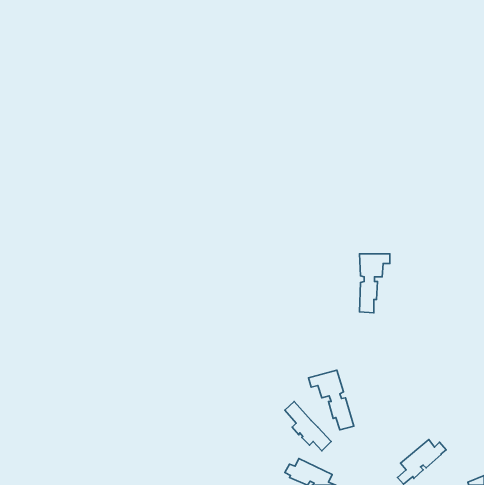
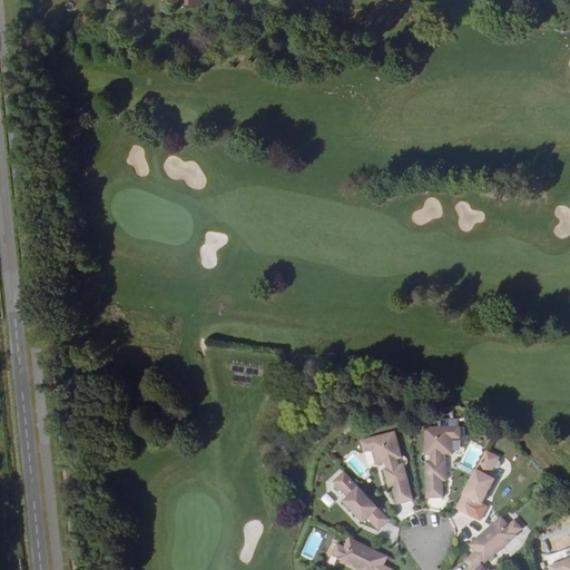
building: [359,254,390,313] -> [425,431,461,500]
building: none -> [456,450,499,514]

